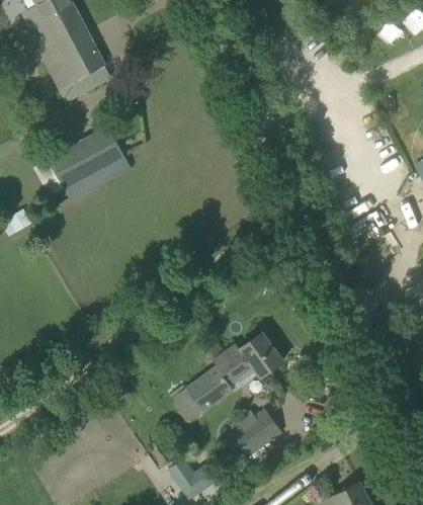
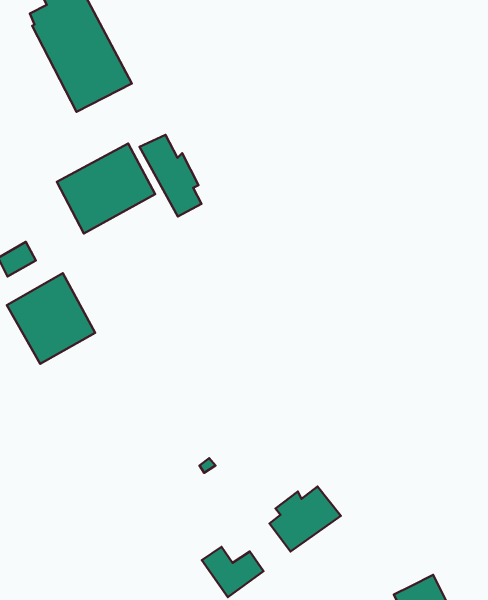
building: none -> [140,135,201,216]
building: none -> [7,273,95,364]
building: [173,331,284,422] -> none

